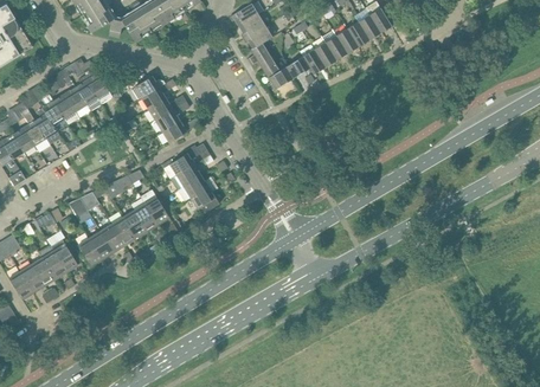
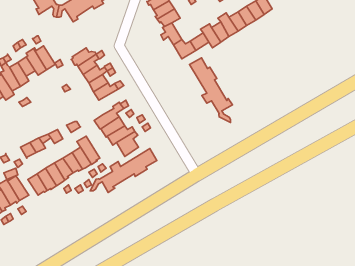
building: none -> [189,58,233,123]
building: none -> [90,149,157,193]

